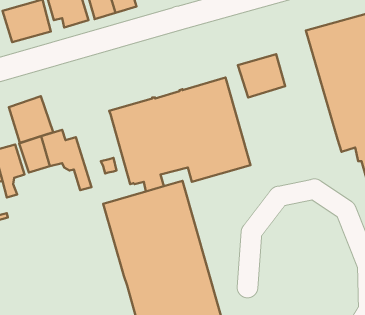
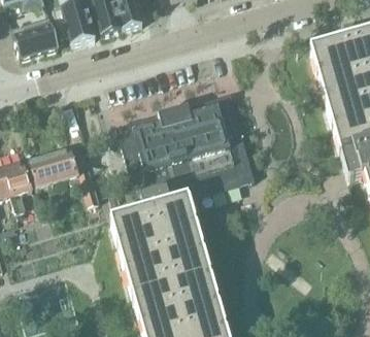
building: [238,54,285,97] -> none
building: [9,96,53,143] -> none

